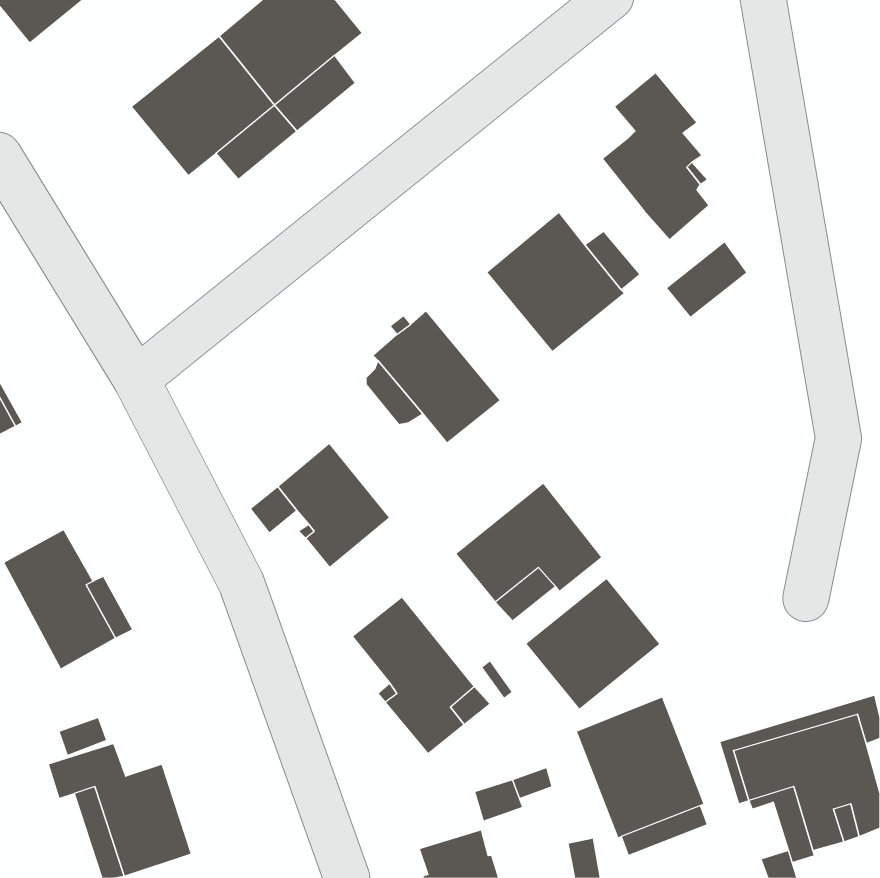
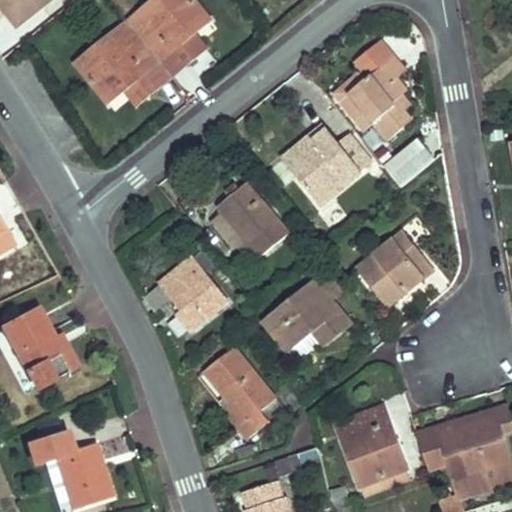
building: none -> [334,72,373,130]
building: [526,578,660,709] -> [356,230,434,306]

